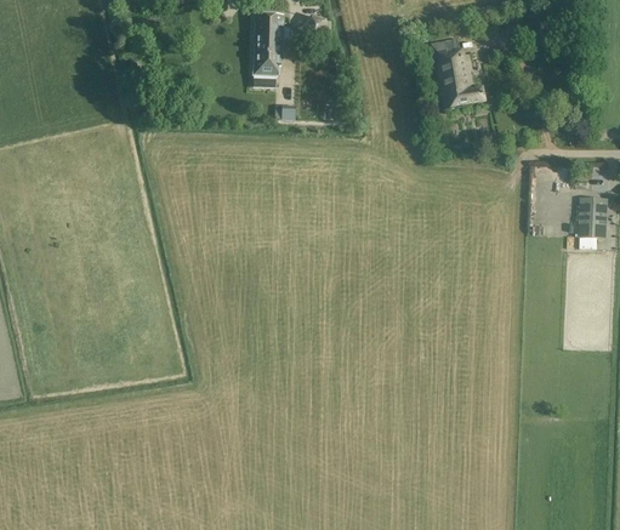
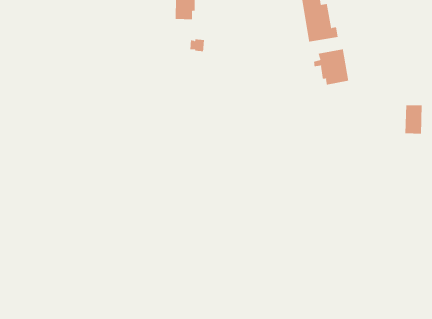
building: none -> [313,49,349,85]

